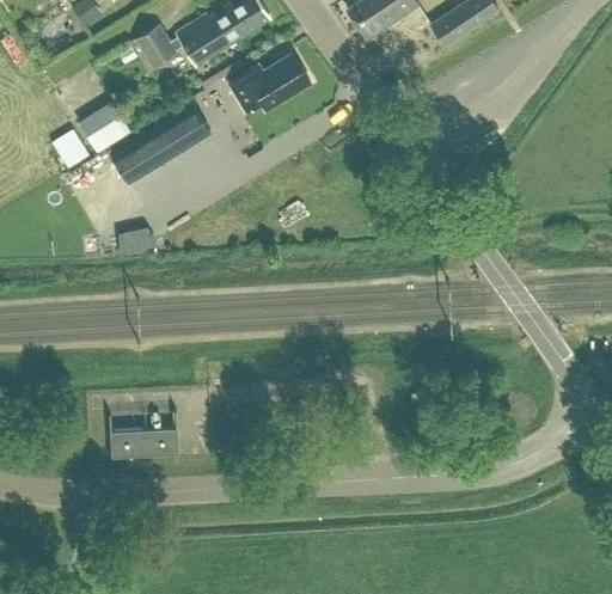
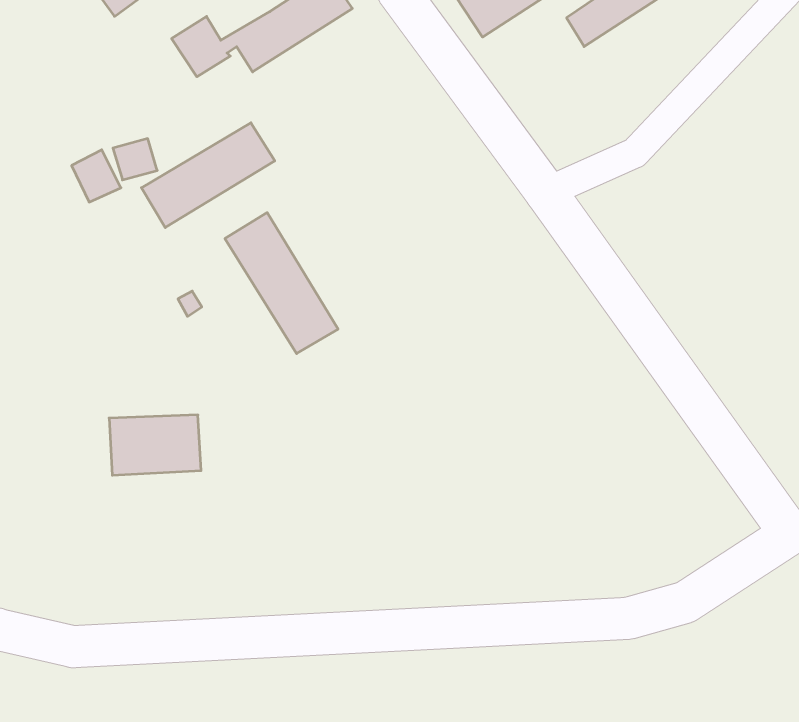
building: [230,53,311,111] -> none
building: none -> [225,213,338,354]
building: [110,411,179,457] -> [109,415,201,475]

